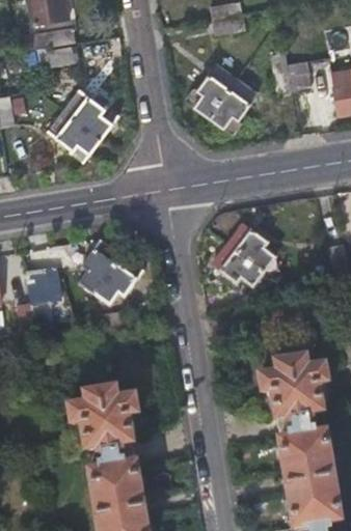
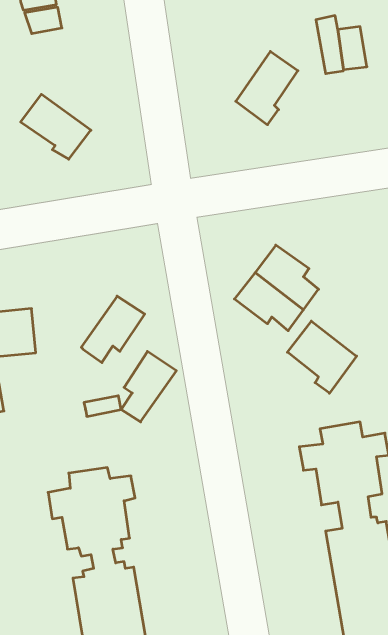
building: [189,62,238,114] -> none
building: [65,87,118,136] -> none
building: [81,246,123,299] -> [121,351,176,422]
building: none -> [287,321,357,393]

